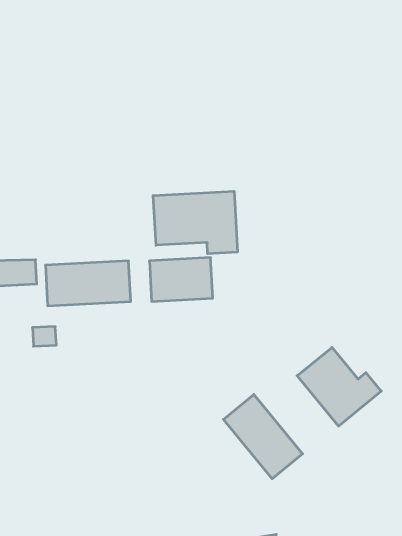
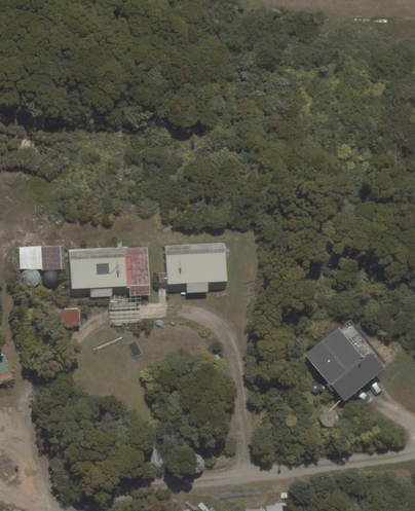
building: [153,191,237,254] -> none
building: [223,394,303,479] -> none

